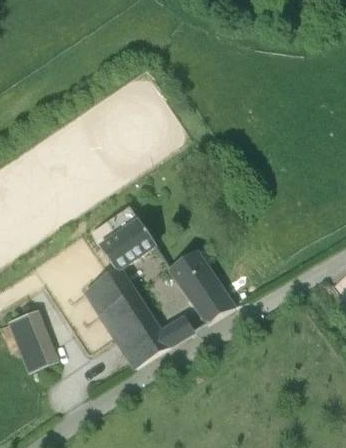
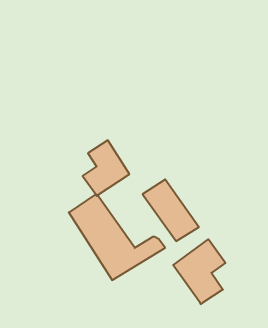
building: [9,312,53,371] -> none
building: none -> [173,239,225,304]

